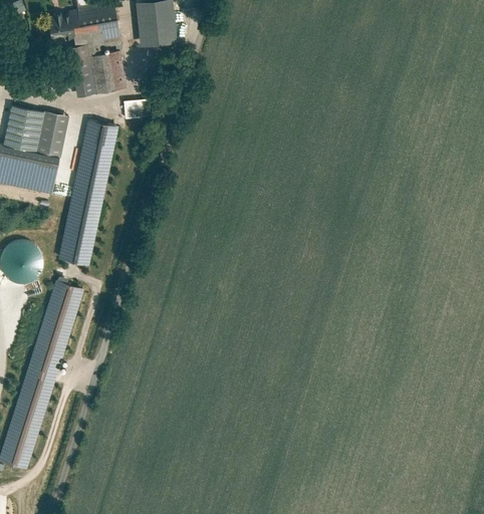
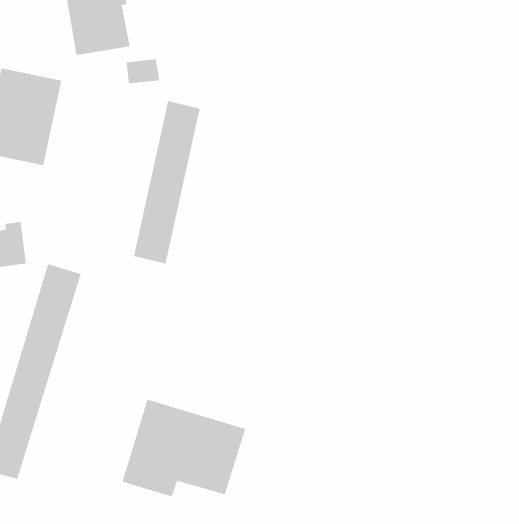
building: [58,120,117,265] -> [133,101,200,264]
building: none -> [122,399,246,497]

